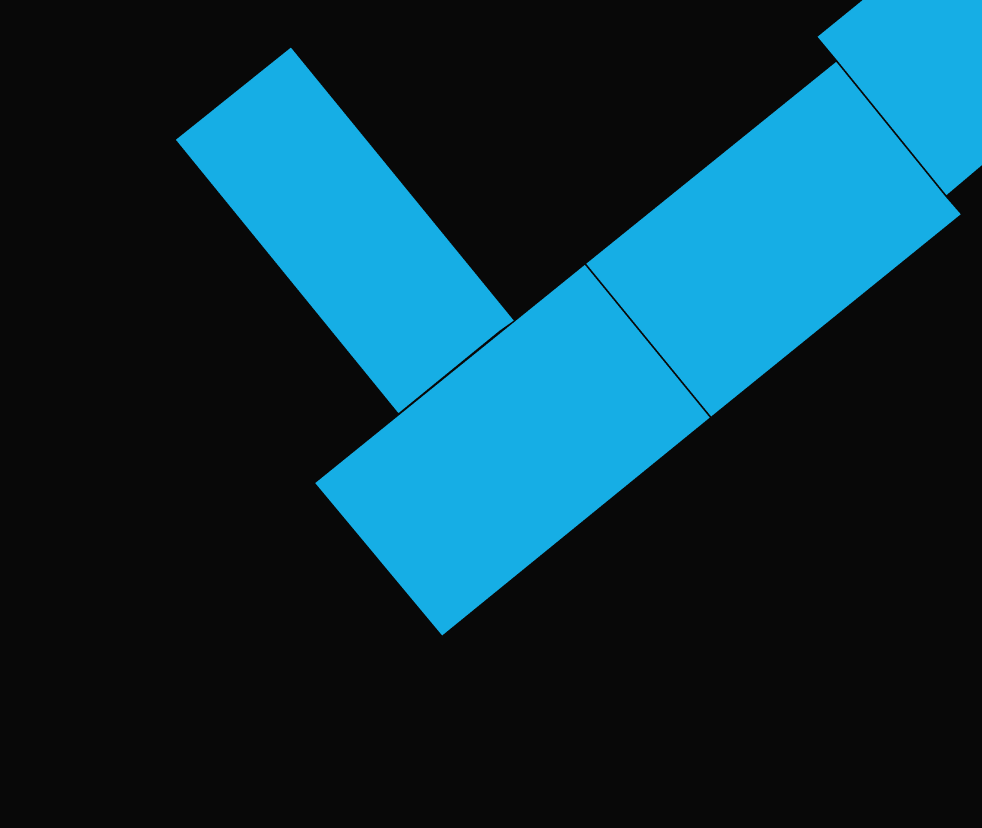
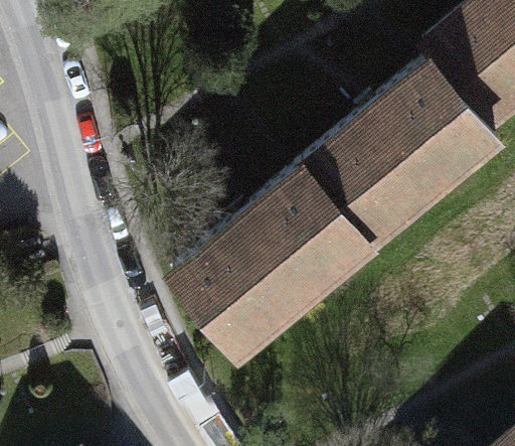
building: [175,47,515,414] -> none

